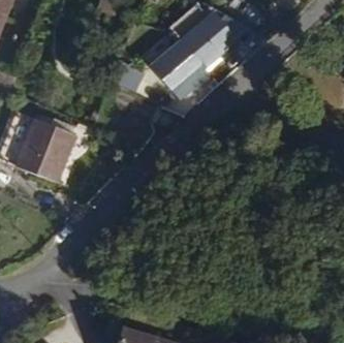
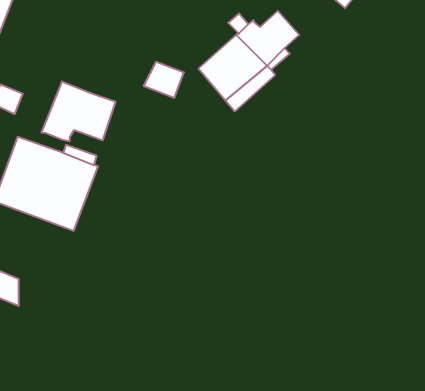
building: none -> [42,81,115,141]

